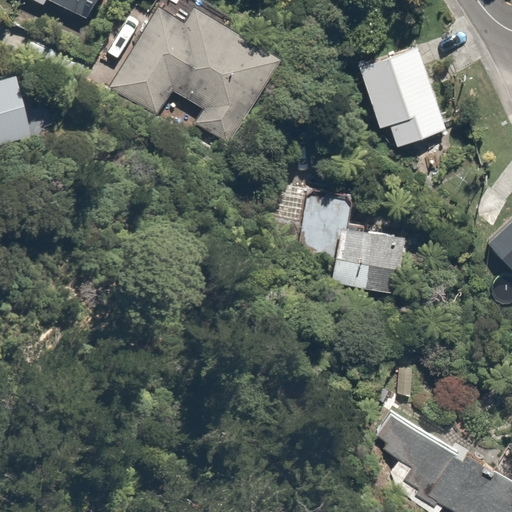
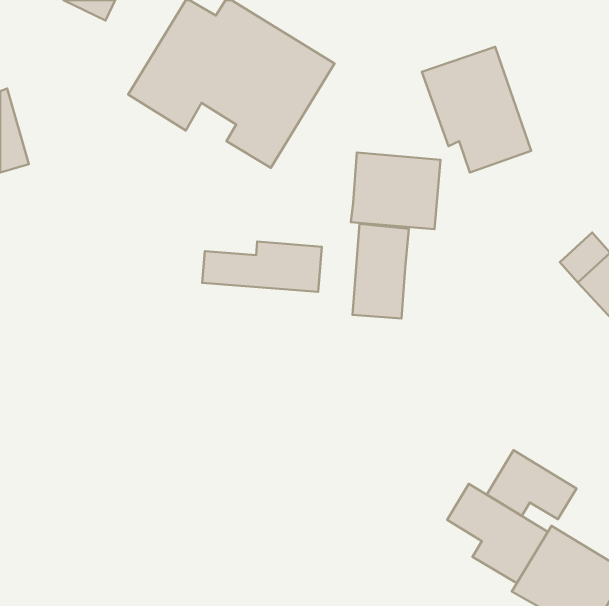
building: none -> [202,241,322,292]
building: [336,229,411,293] -> [351,153,441,229]
building: none -> [487,450,577,519]

